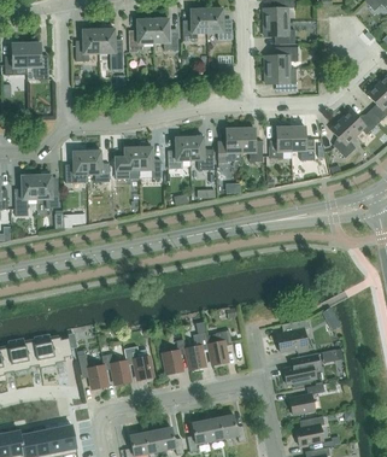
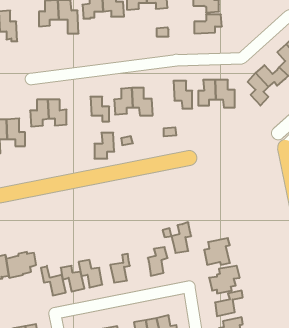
building: [265,69,297,92] -> none
building: [218,128,241,163] -> none
building: [116,147,140,178] -> [94,133,114,159]
building: [186,332,210,369] -> [171,222,191,253]

